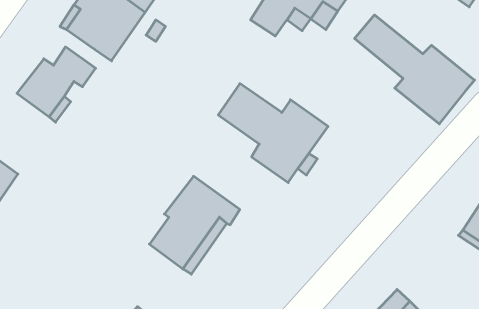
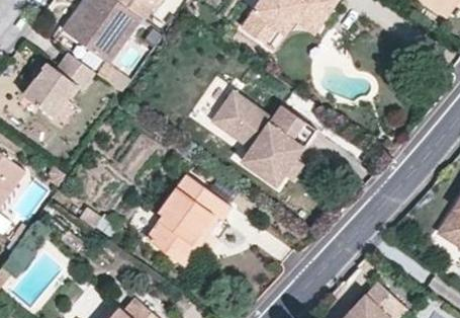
building: [355,15,475,124] -> none

